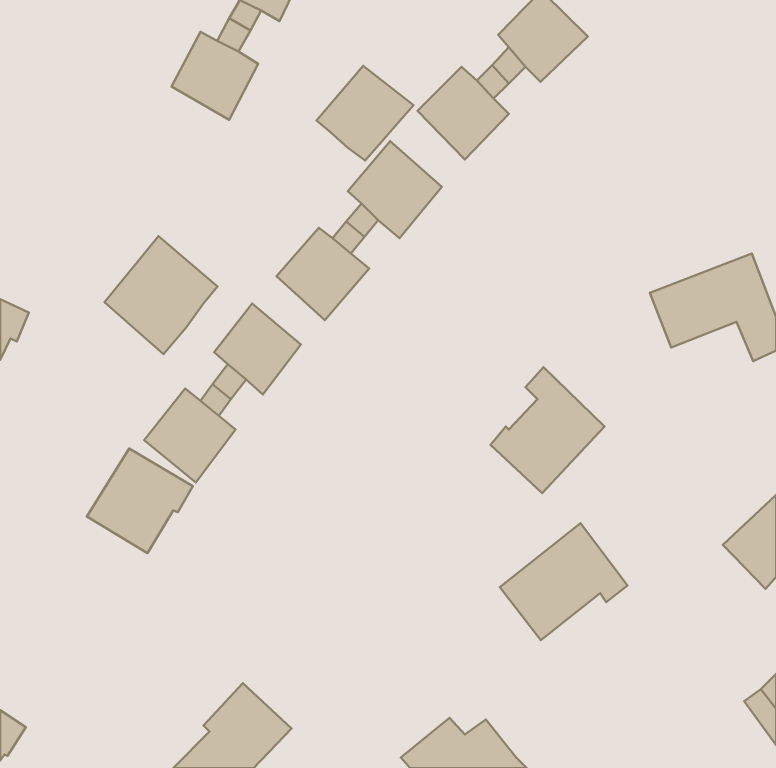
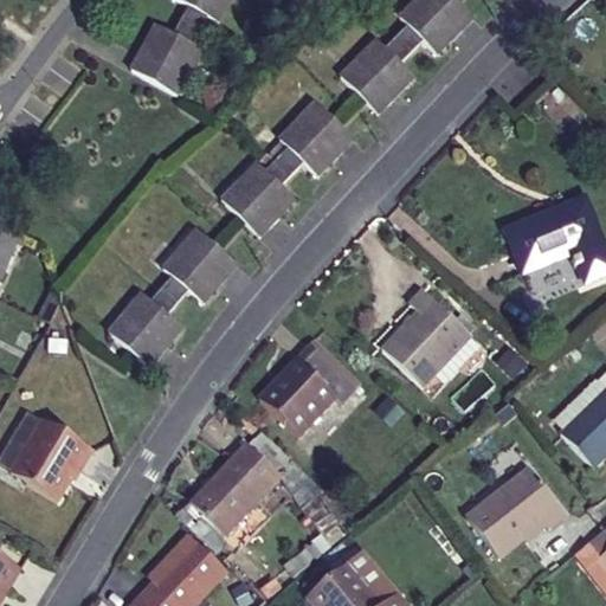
building: [316,66,414,160] -> none
building: [105,236,218,354] -> none
building: none -> [257,337,354,428]
building: [87,448,193,553] -> [9,418,92,499]
building: [500,523,627,640] -> [470,459,569,550]
building: none -> [189,437,279,529]

